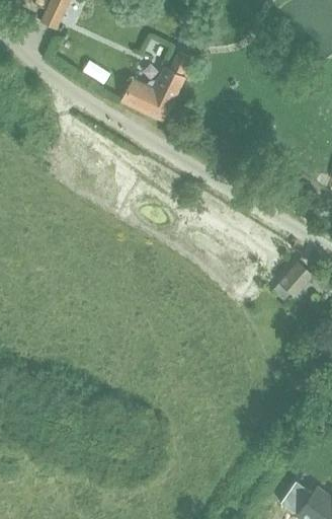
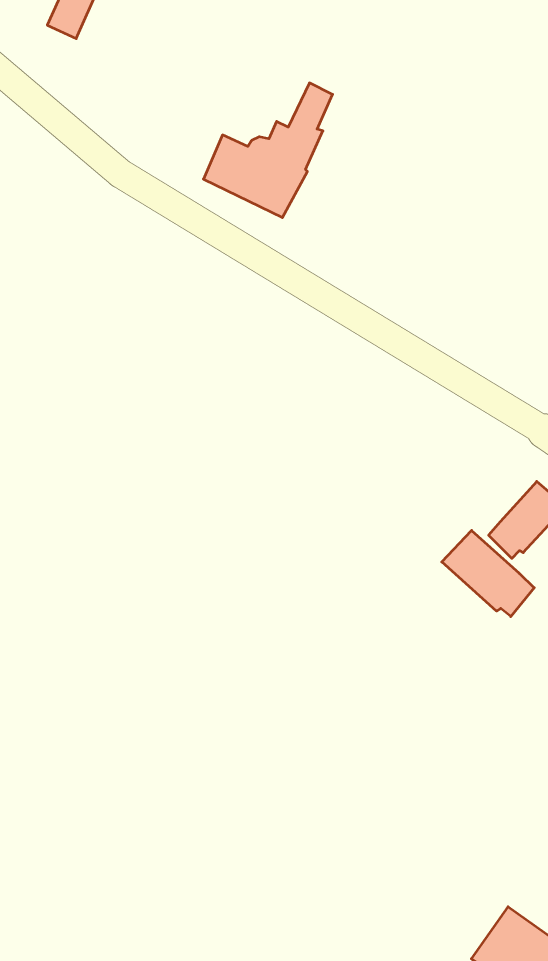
building: none -> [442,530,534,617]

